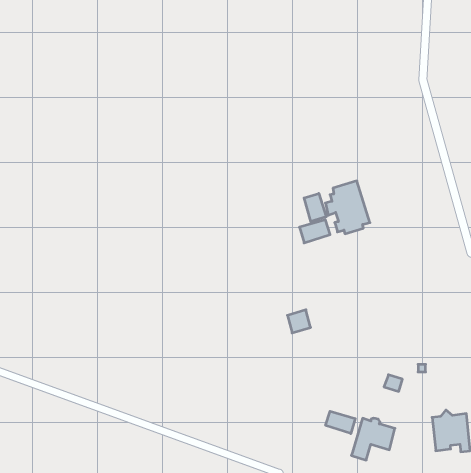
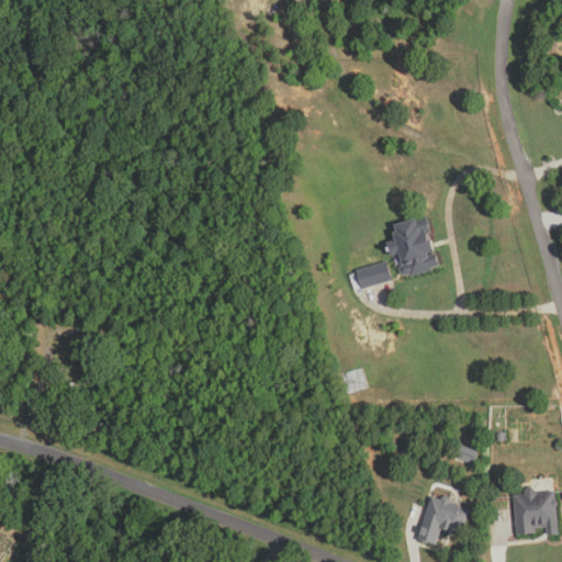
building: [304,193,326,222] -> none
building: [326,411,355,434] -> none

